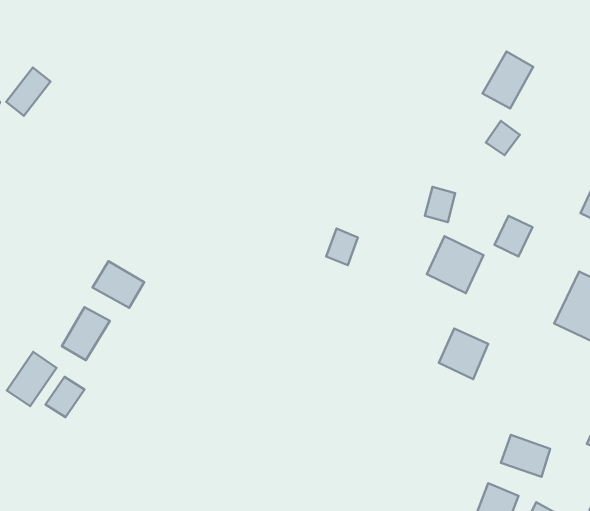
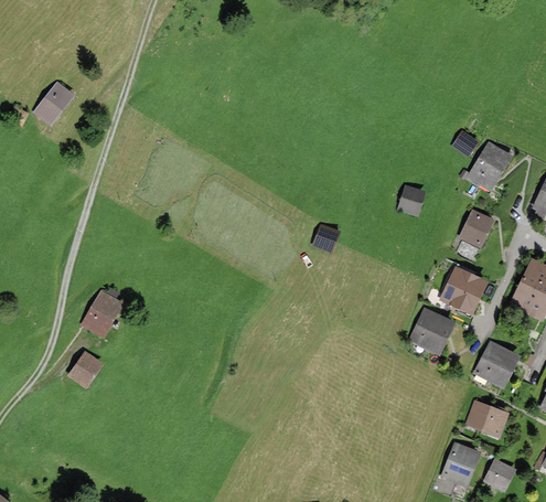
building: [482,52,533,109] -> [467,141,511,191]
building: [427,236,484,293] -> [439,265,489,314]
building: [93,261,144,308] -> none
building: [7,352,56,406] -> none
building: none -> [473,341,520,387]

